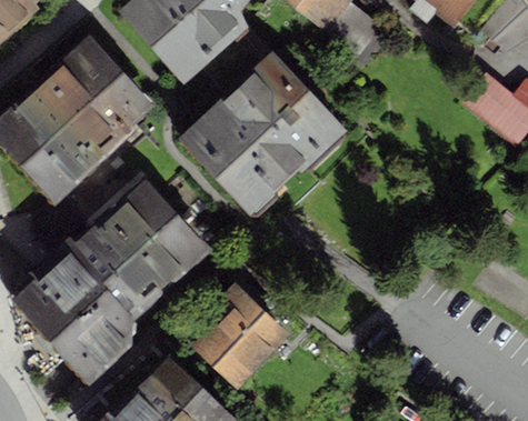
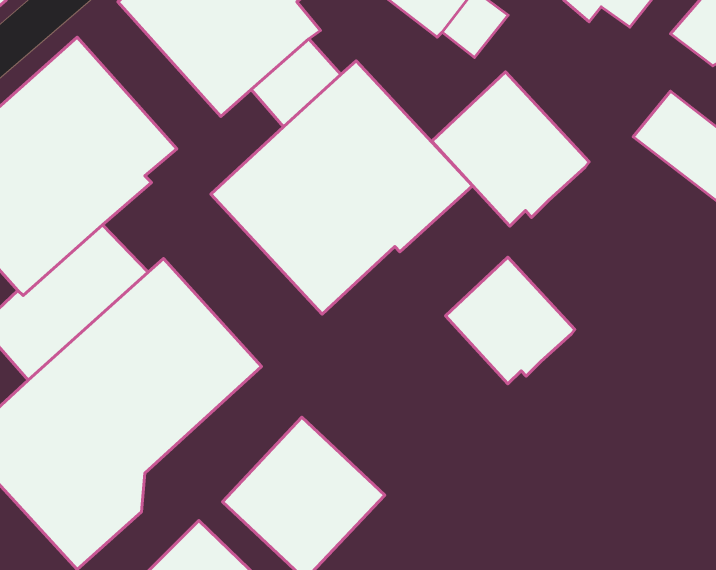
building: none -> [432,72,589,226]
building: none -> [446,257,575,384]

